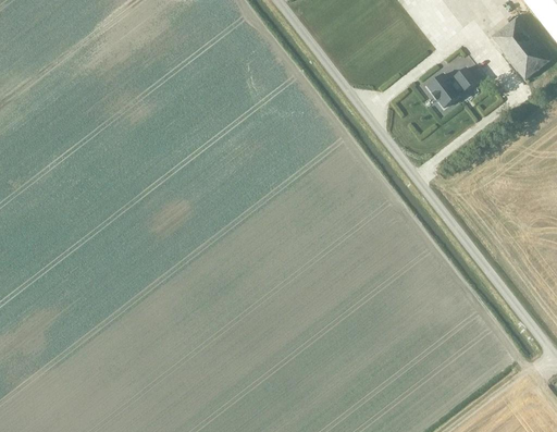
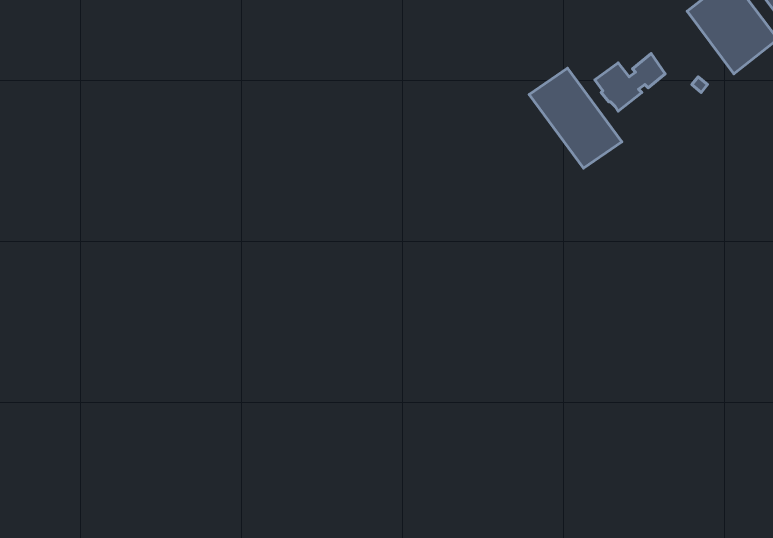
building: none -> [529,68,622,168]

